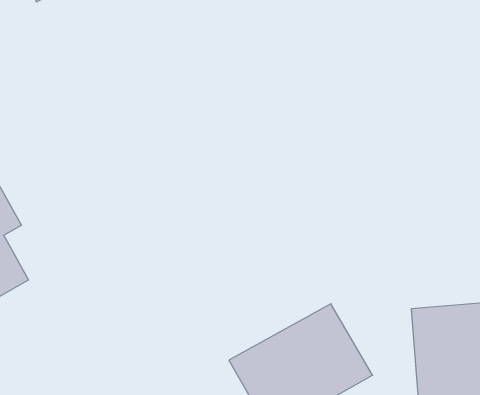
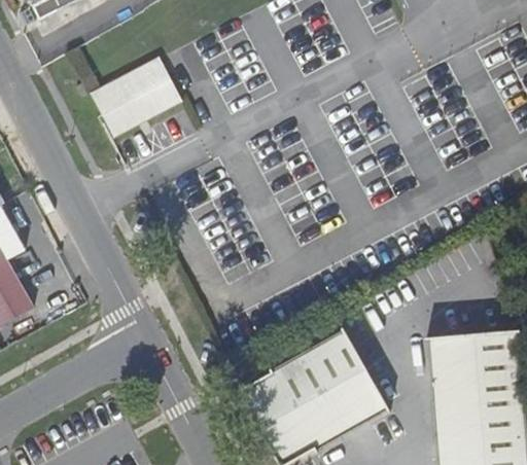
building: none -> [93,56,184,137]

